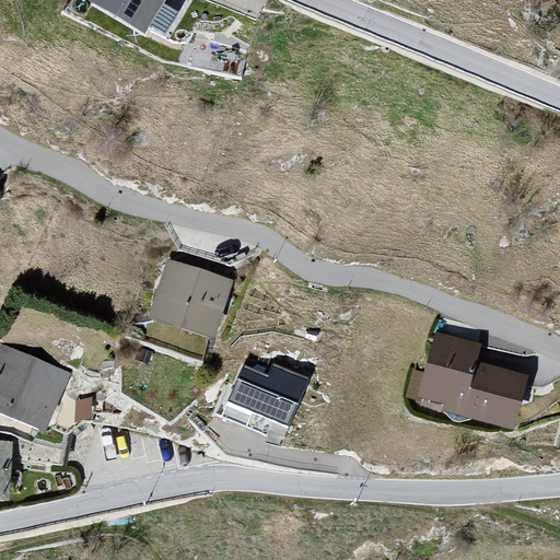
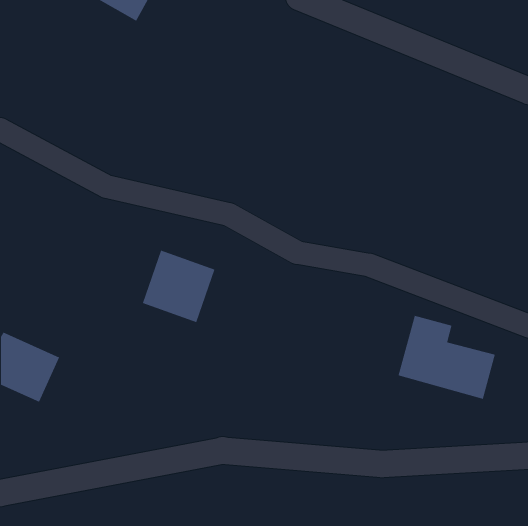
building: [224,363,307,431] -> none

